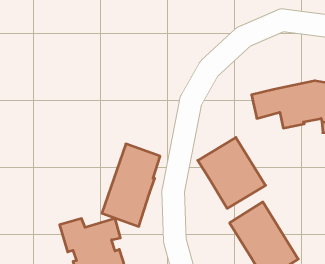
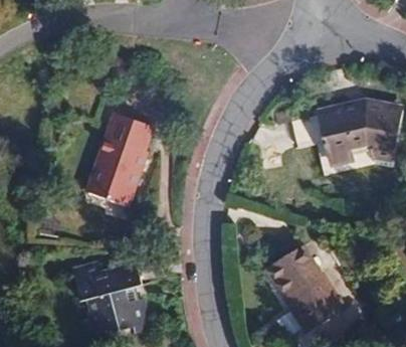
building: [198,137,266,208] -> none
building: [102,144,160,226] -> [86,113,153,207]

